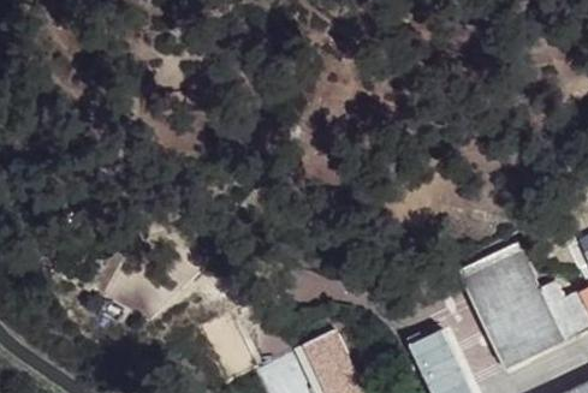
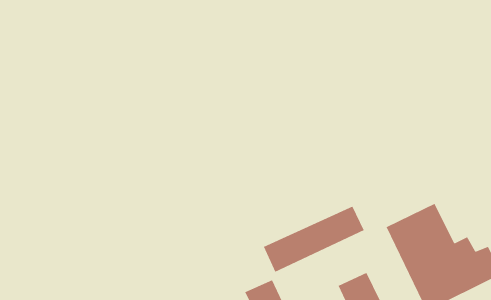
building: none -> [263,206,365,273]

